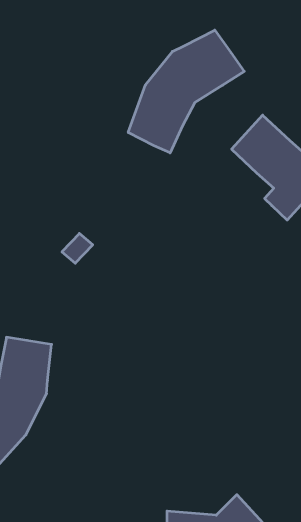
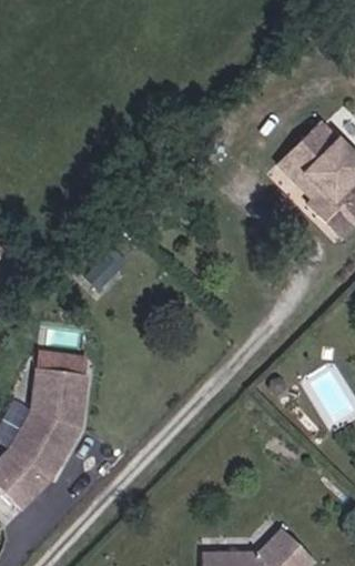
building: [128,30,244,153] -> none

